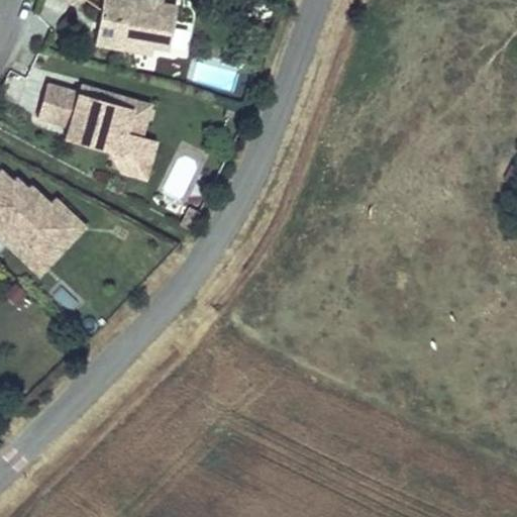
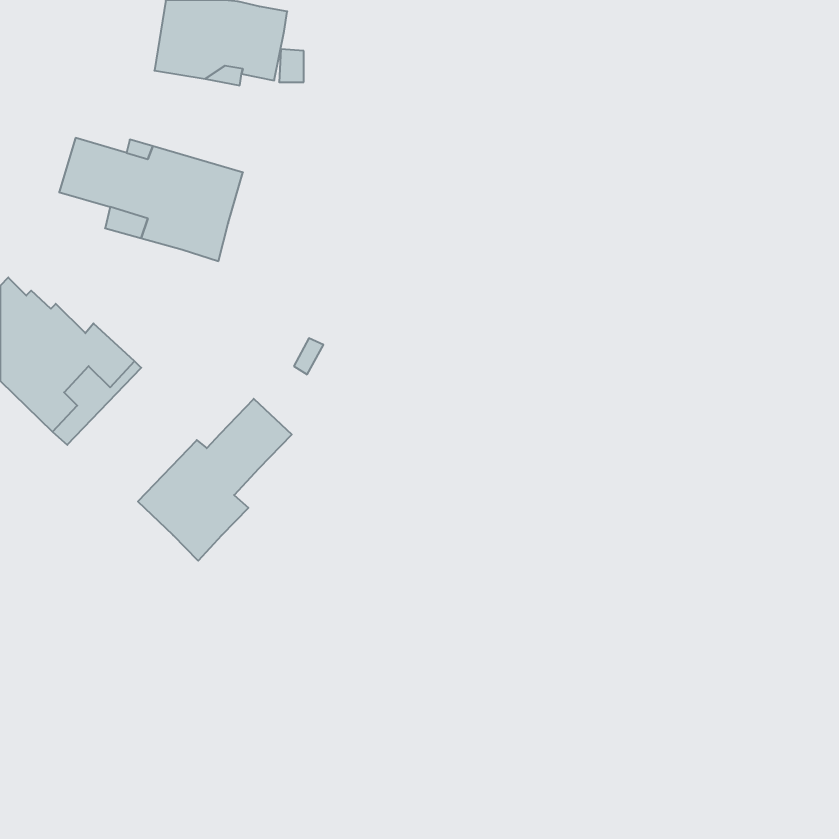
building: [112,137,156,179] -> none
building: none -> [138,399,292,561]

